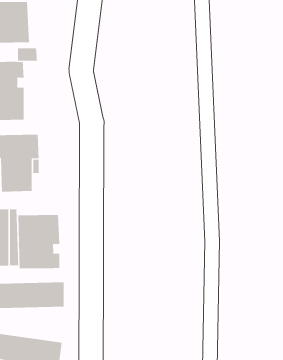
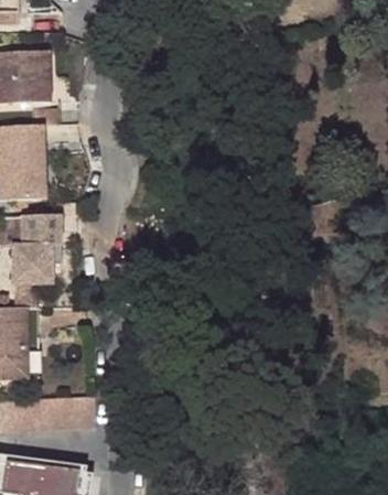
building: [18,214,60,269] -> none

